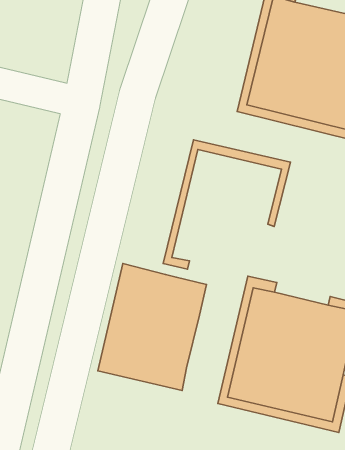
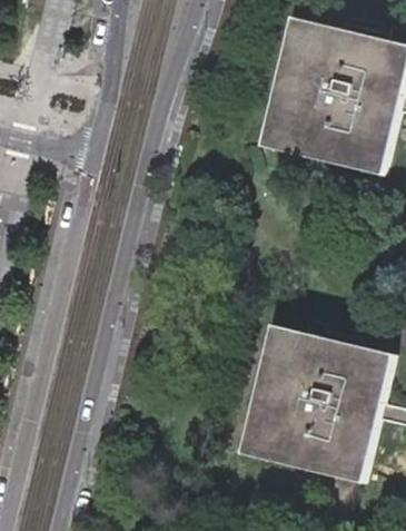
building: [163,140,290,269] -> none
building: [98,264,207,391] -> none

